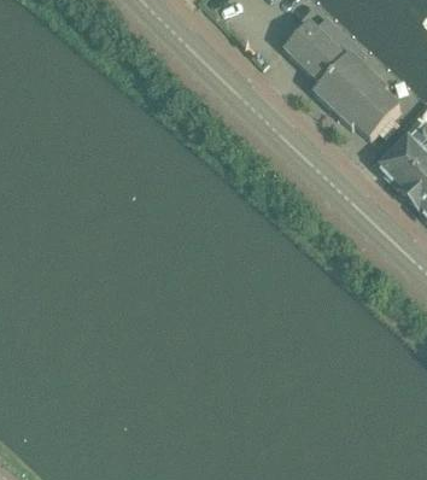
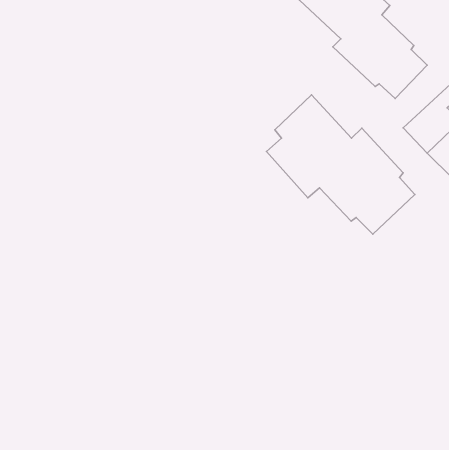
building: none -> [267,95,415,234]

